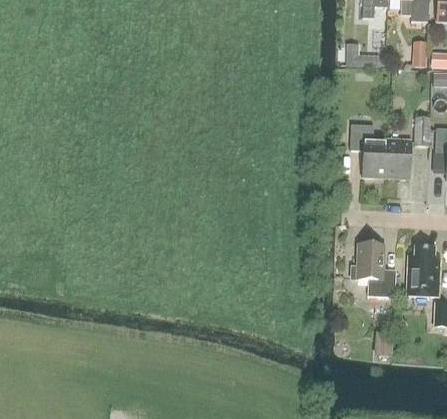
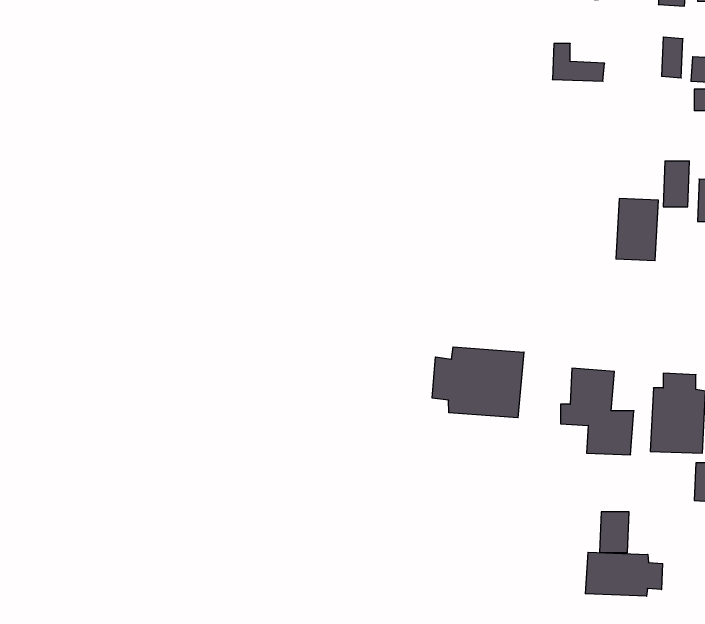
building: [350,124,387,177] -> none
building: none -> [432,347,524,418]
building: none -> [585,552,663,596]

